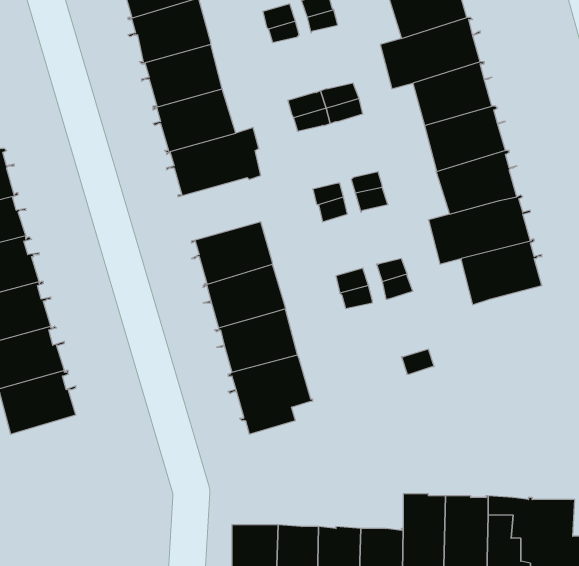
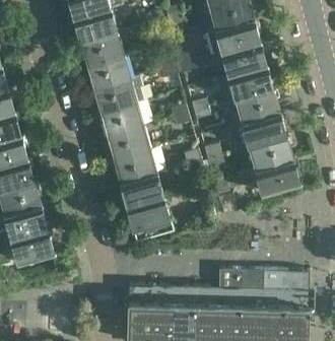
building: none -> [100,108,144,141]
building: none -> [256,163,302,200]
building: none -> [12,232,56,268]

